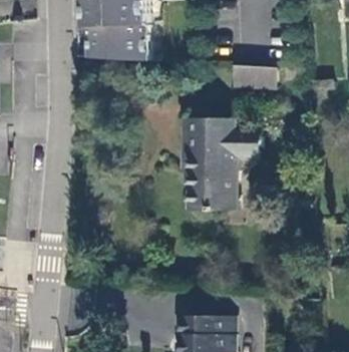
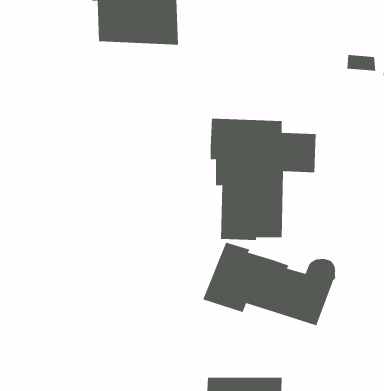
building: [238,65,279,87] -> none
building: none -> [203,242,336,326]

